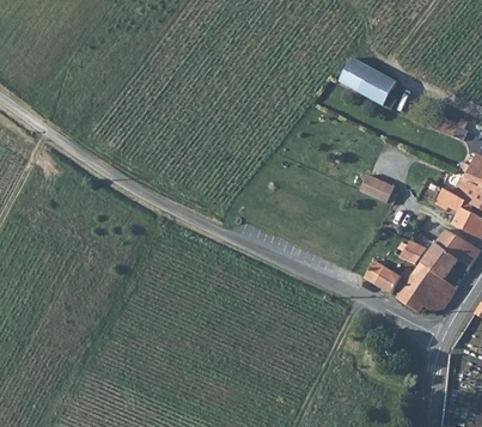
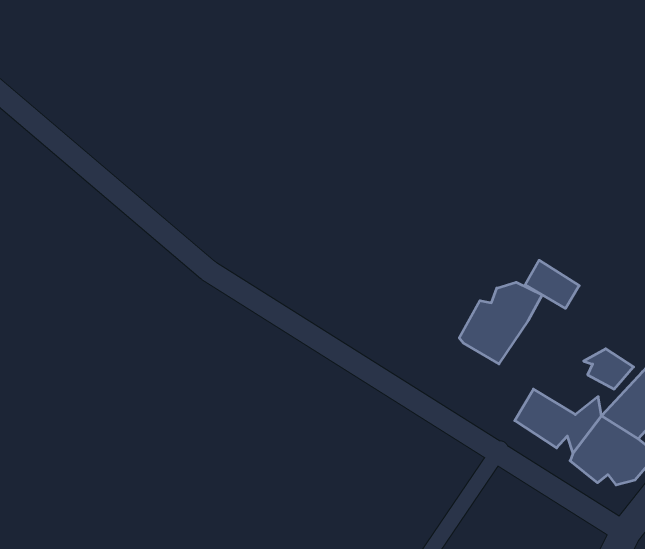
building: [337,59,393,105] -> none
building: none -> [459,282,542,364]

